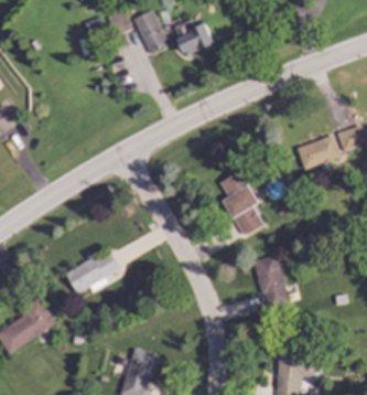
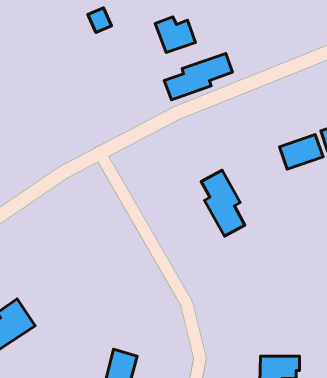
building: [134,10,168,54] -> none
building: none -> [164,53,232,100]
building: [66,253,118,293] -> none
building: [253,255,290,311] -> none

